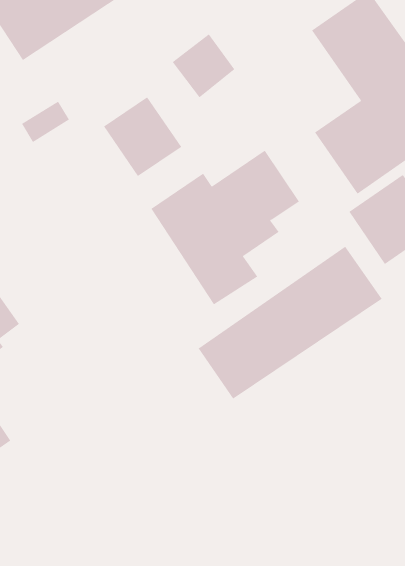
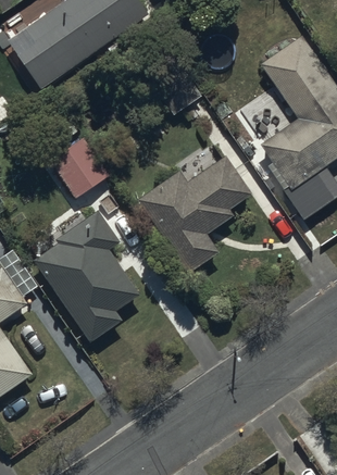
building: [103,96,182,177] -> [49,136,109,197]
building: none -> [33,210,139,341]
building: [198,246,382,399] -> none

